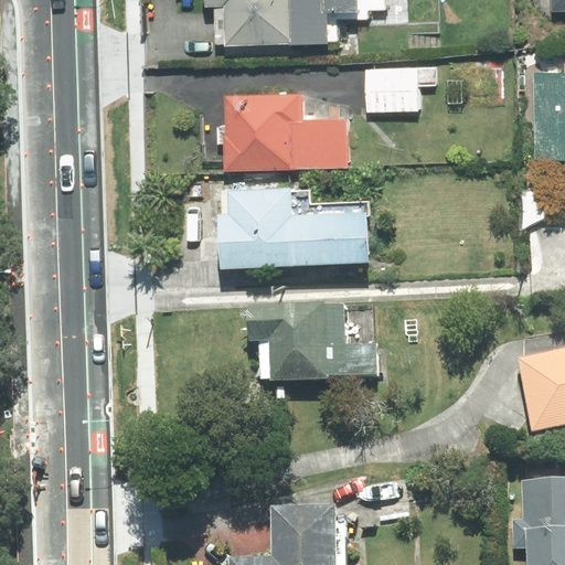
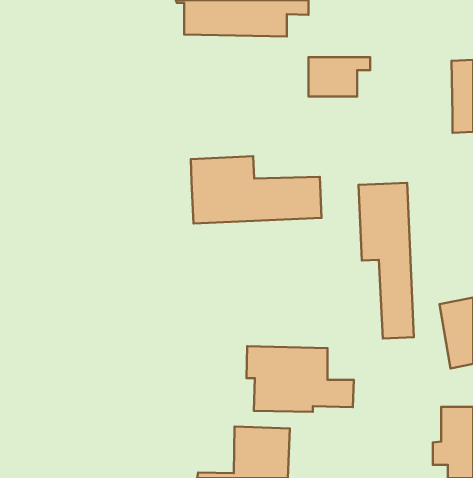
building: [220,93,350,170] -> none
building: none -> [359,183,414,339]
building: [253,308,380,385] -> [246,346,354,412]

